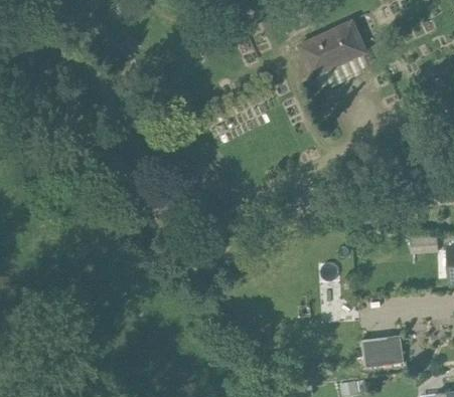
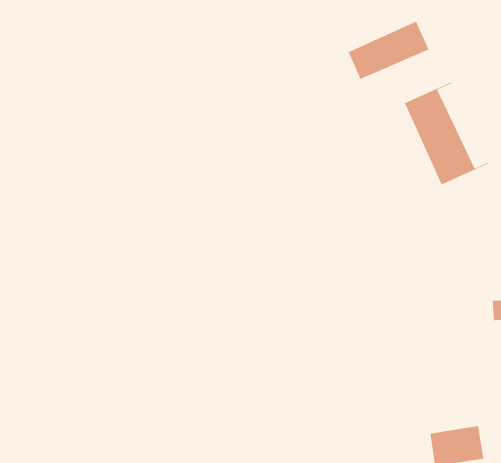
building: none -> [404,81,489,185]

